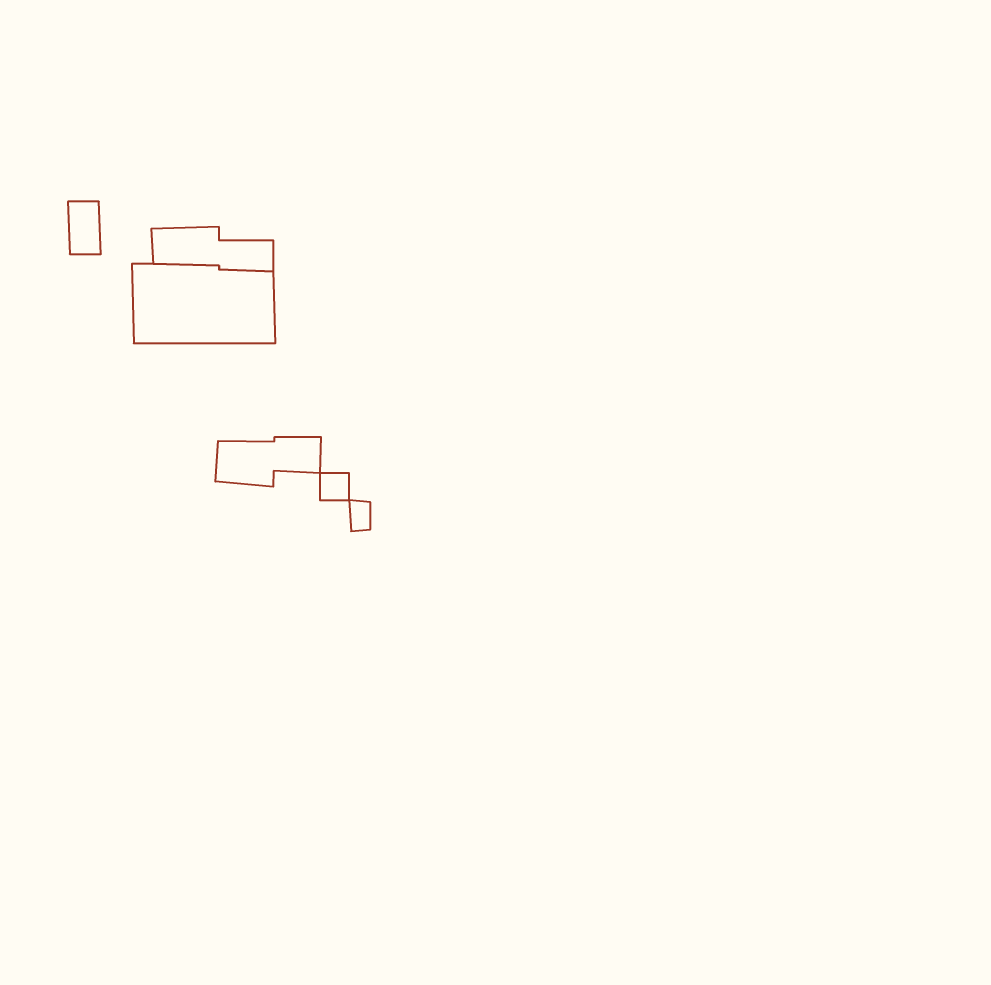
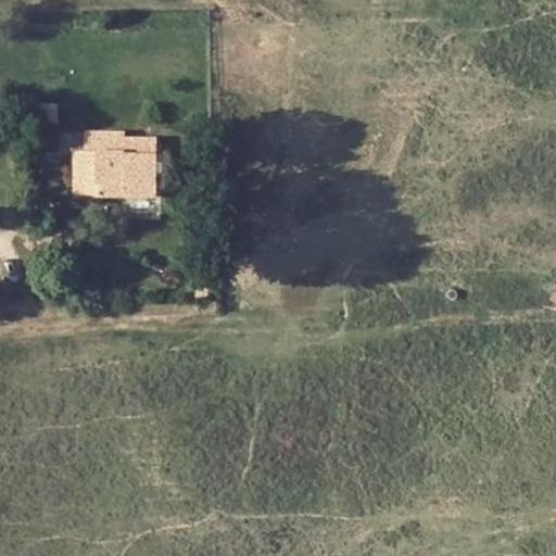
building: [215,437,321,487] -> none

